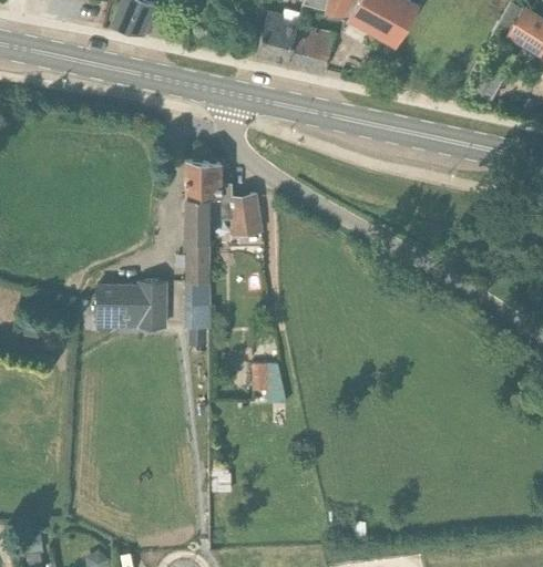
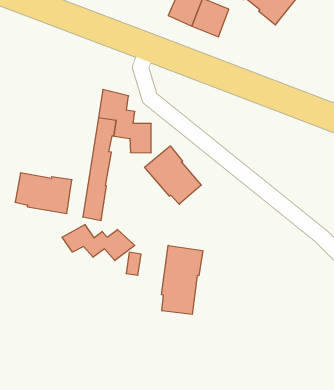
building: none -> [145,146,201,204]
building: none -> [62,225,135,261]
building: none -> [162,245,203,314]

